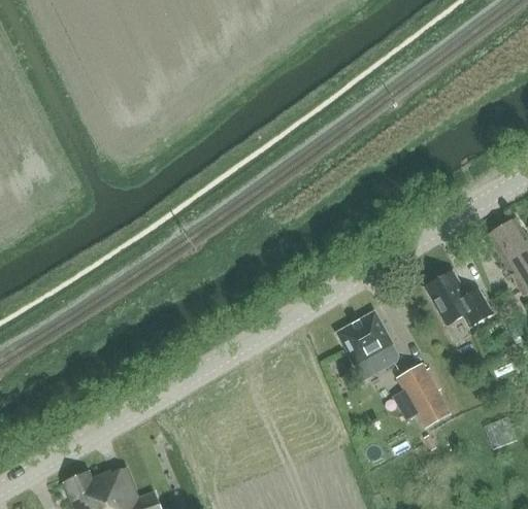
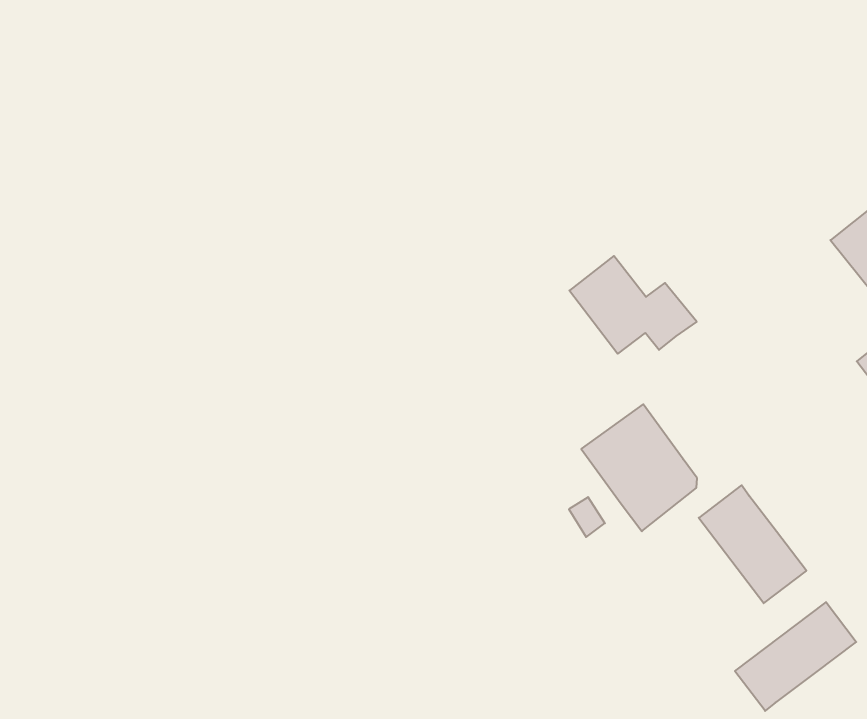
building: [425,271,492,326] -> [569,256,697,354]
building: none -> [735,602,856,711]

